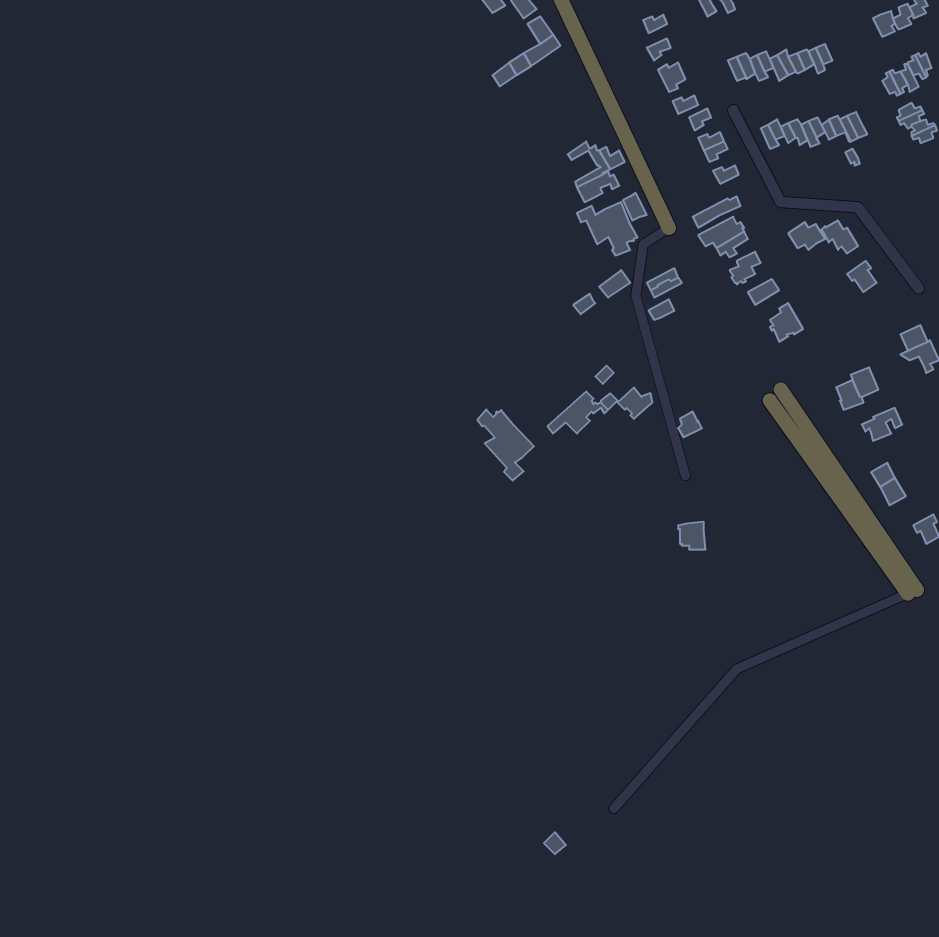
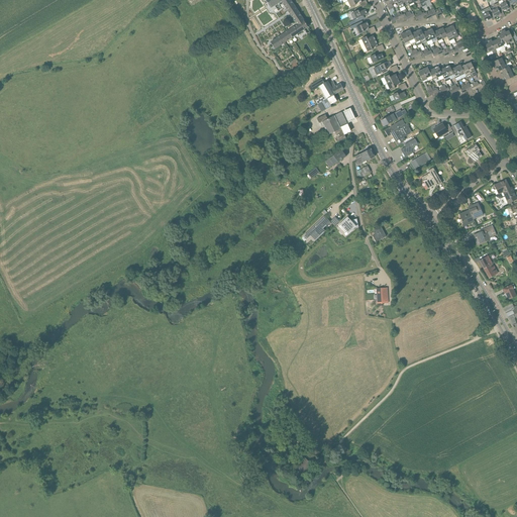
building: [477,409,534,481] -> none

